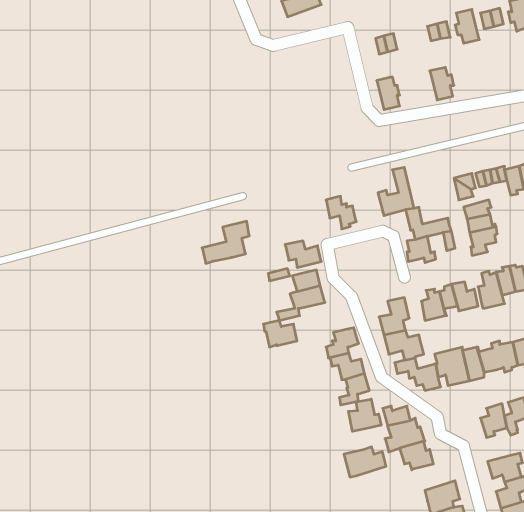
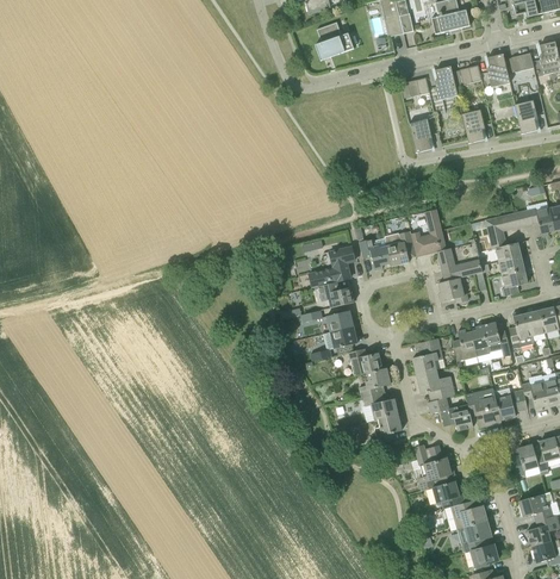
building: none -> [435,66,458,99]
building: none -> [515,100,537,133]
building: none -> [385,230,415,266]
building: [202,221,249,263] -> [307,245,354,287]
building: [263,320,297,347] -> [348,348,381,374]
building: [348,399,381,431] -> none
building: [344,447,386,477] -> [444,499,486,529]

